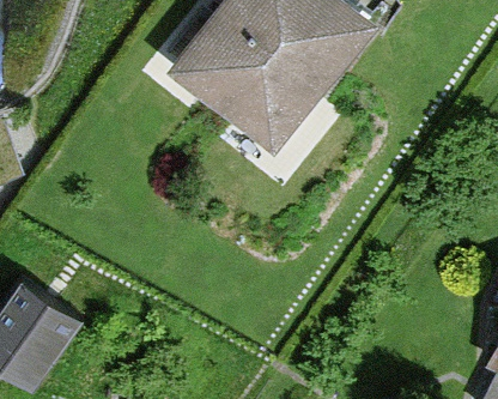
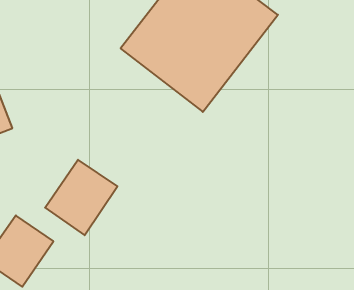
building: none -> [45,160,117,235]

